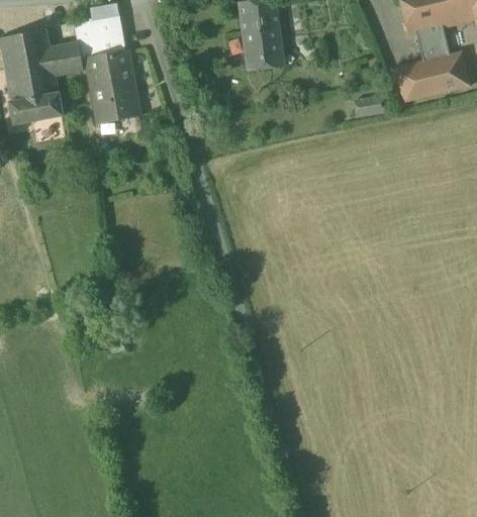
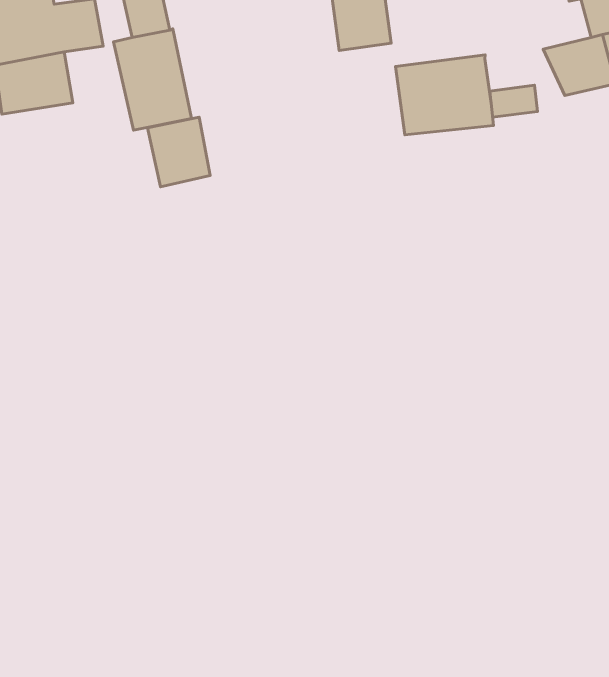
building: none -> [396,55,494,135]
building: none -> [148,117,210,187]

